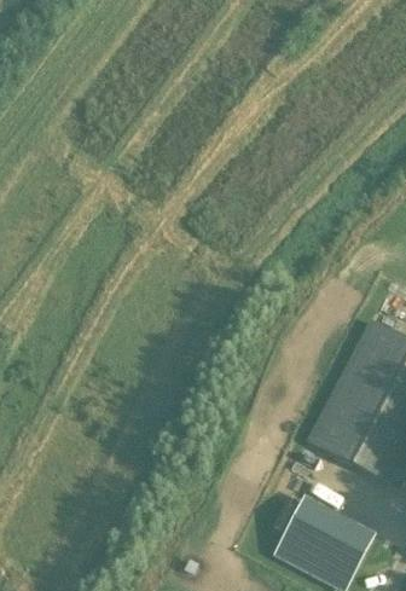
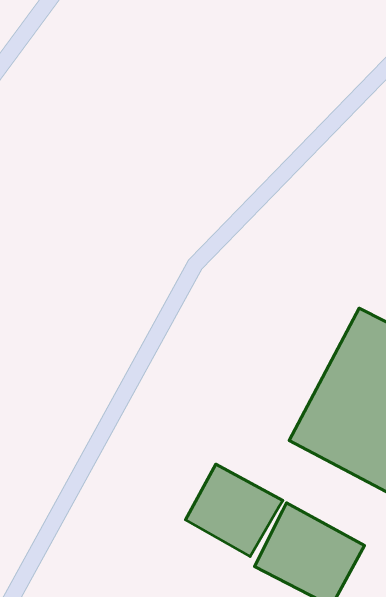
building: none -> [186,464,283,557]

